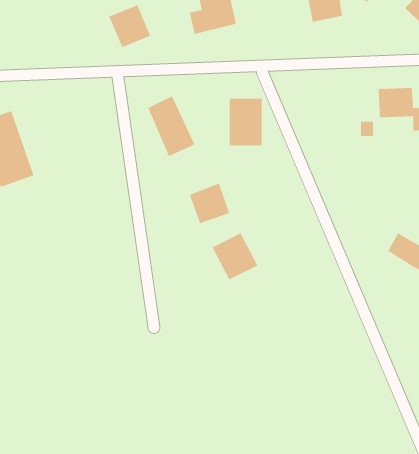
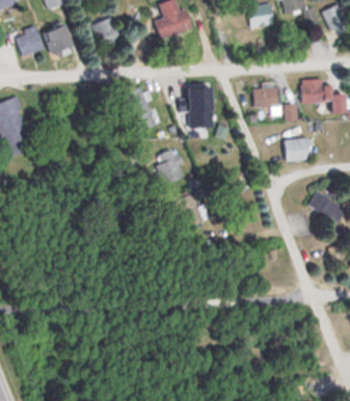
building: none -> [15,23,76,57]
building: none -> [252,86,286,114]
building: none -> [285,138,309,161]

